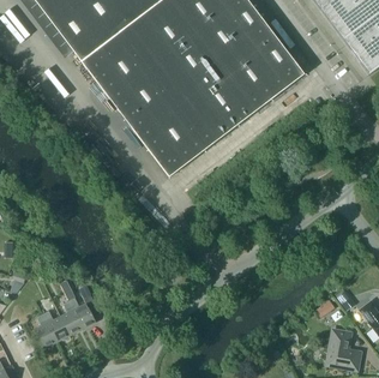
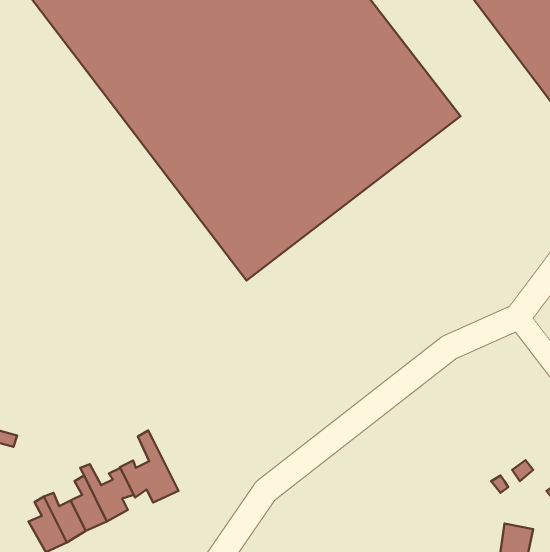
building: none -> [120,430,178,502]

